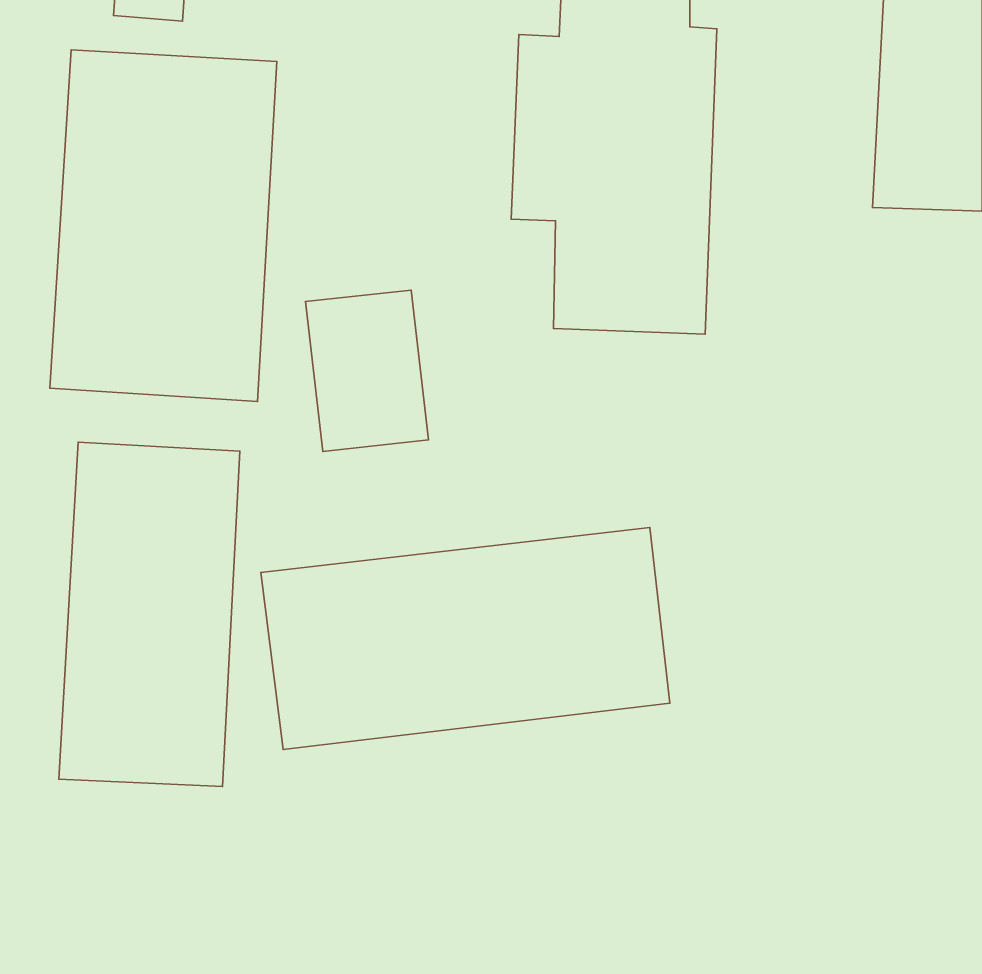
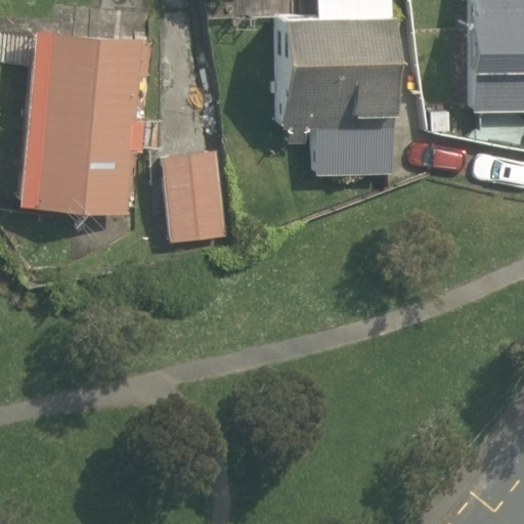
building: [59,442,240,787] -> none
building: [261,528,670,749] -> none

